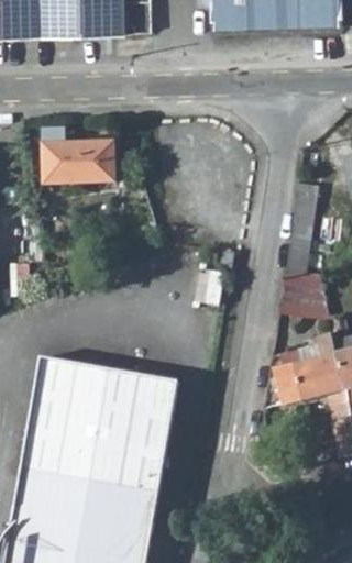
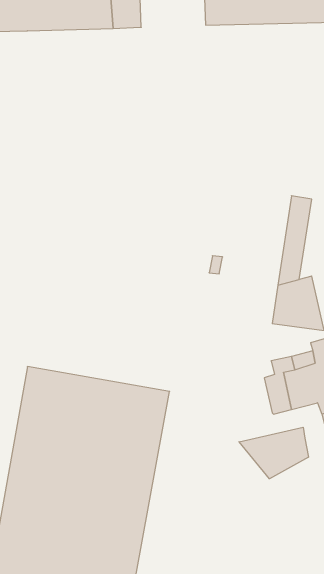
building: [41,142,111,184] -> none
building: none -> [239,427,308,479]

